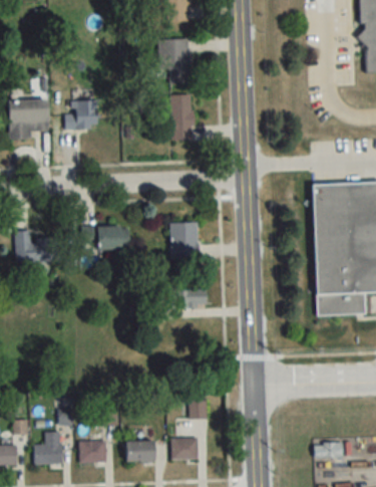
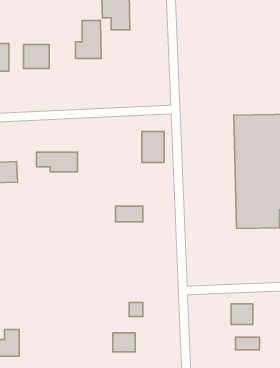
building: [163,94,194,139] -> [75,20,101,58]
building: [171,223,198,259] -> [142,132,164,162]
building: none -> [231,304,253,324]
building: [80,441,106,463] -> none
building: [126,441,155,461] -> none

